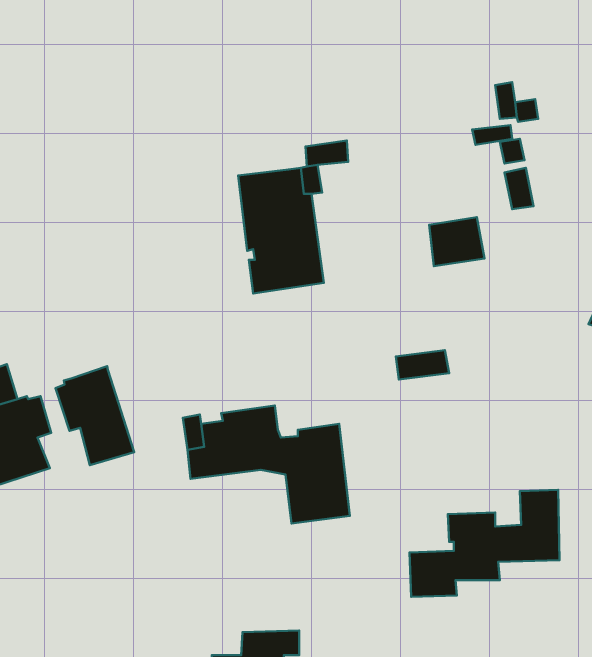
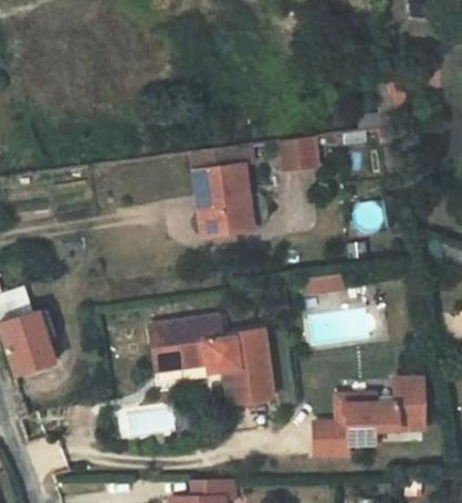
building: [429,217,484,266] -> [281,134,321,169]
building: [56,366,134,465] -> none

